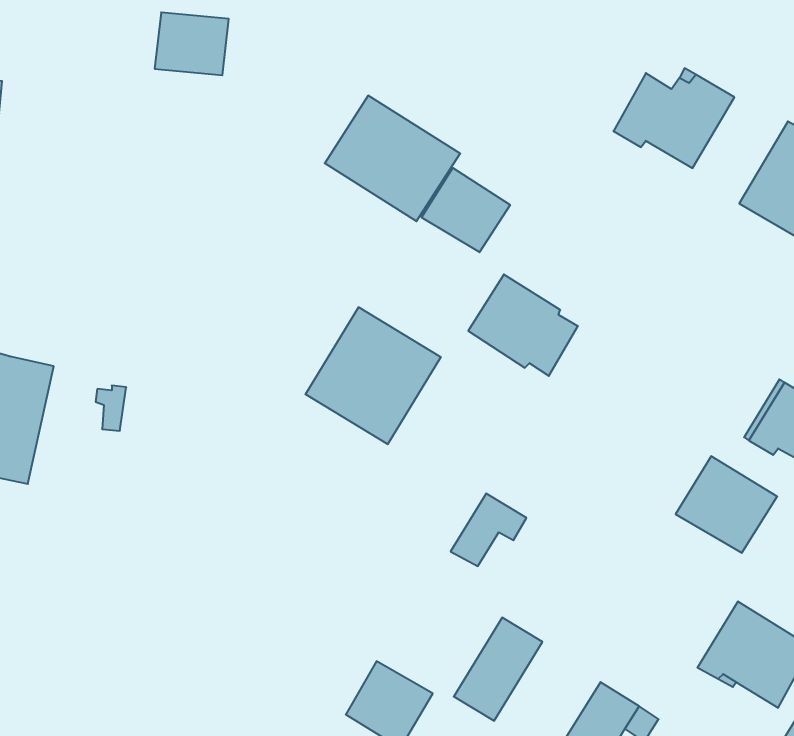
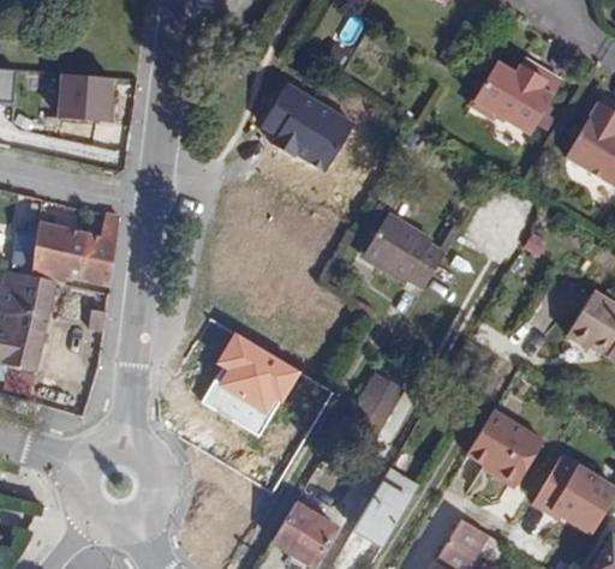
building: [155,12,229,75] -> [65,73,120,120]
building: [422,168,510,252] -> none
building: none -> [22,212,118,284]
building: [305,307,441,444] -> [198,336,299,438]
building: [676,456,777,553] -> [467,408,543,480]

